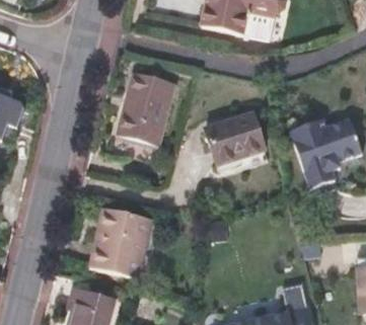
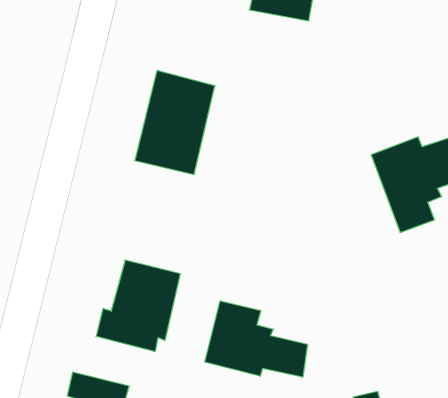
building: [207,110,265,160] -> none
building: none -> [205,301,308,377]

